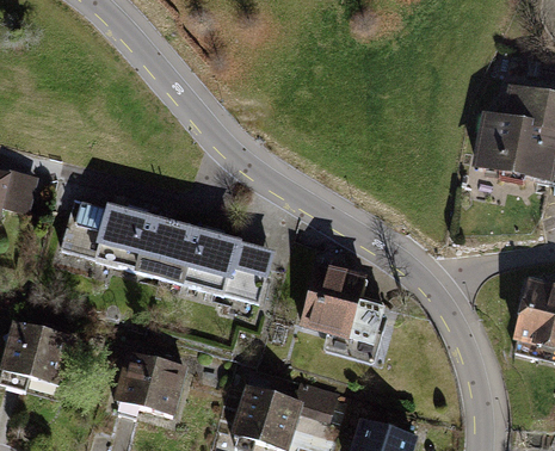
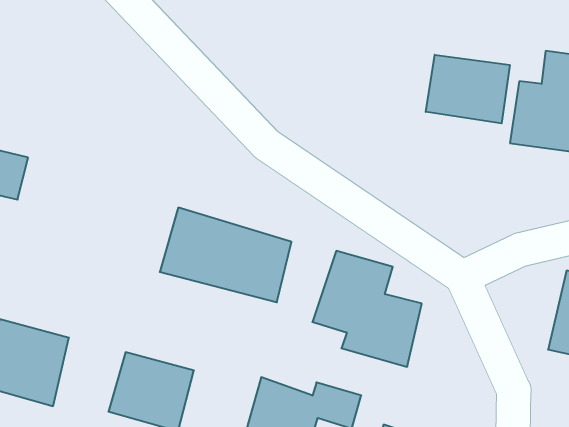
building: none -> [426,55,510,123]
building: [57,196,174,279] -> none

